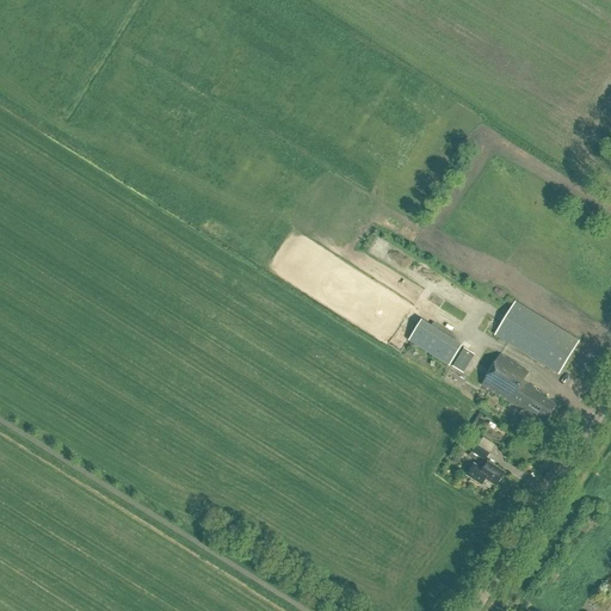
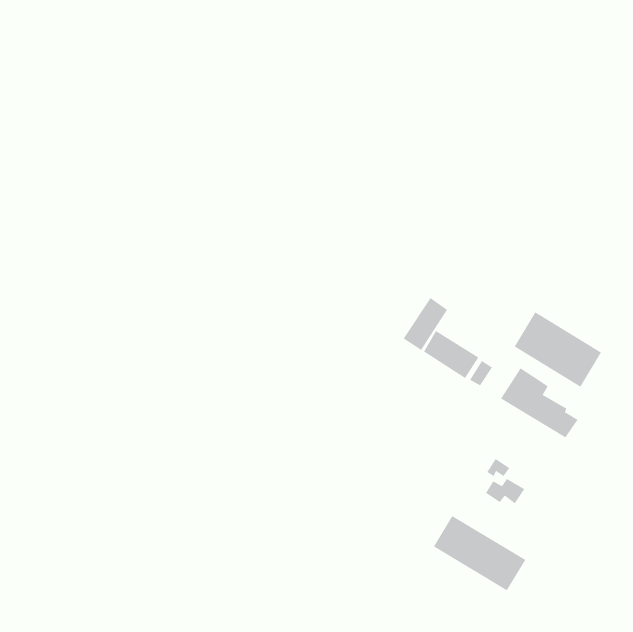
building: none -> [403,297,448,351]
building: none -> [433,515,526,591]

